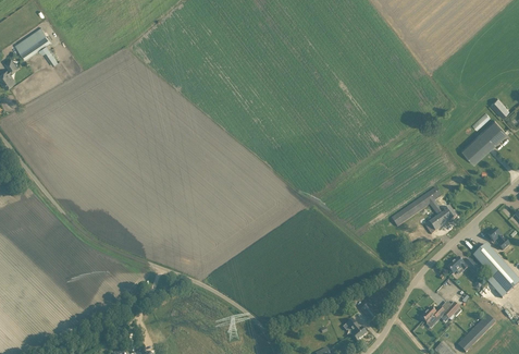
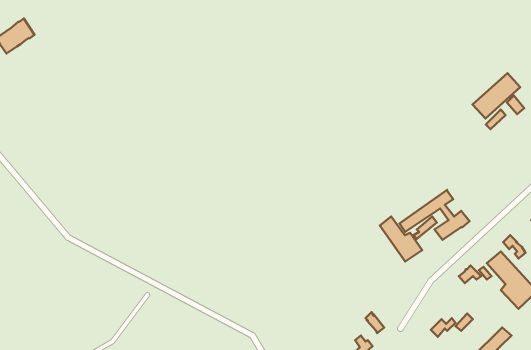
building: [461,121,506,163] -> [473,73,520,119]
building: none -> [380,217,422,262]

